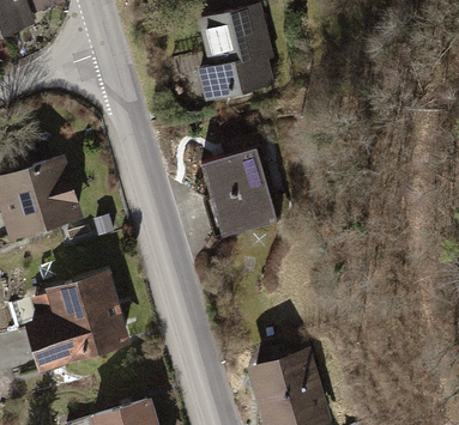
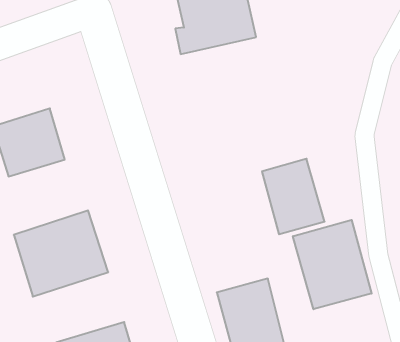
building: [206,151,277,236] -> [262,159,325,234]
building: none -> [293,220,372,309]

